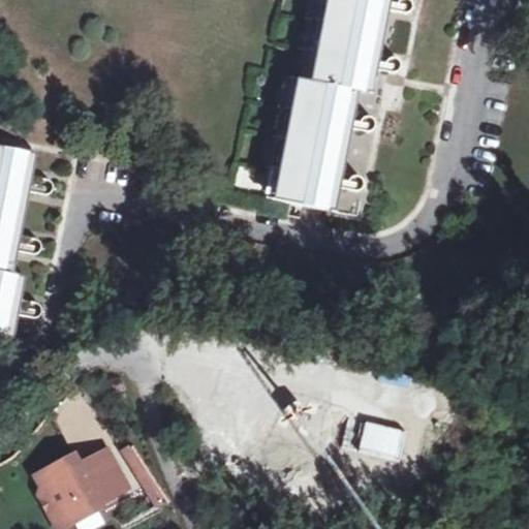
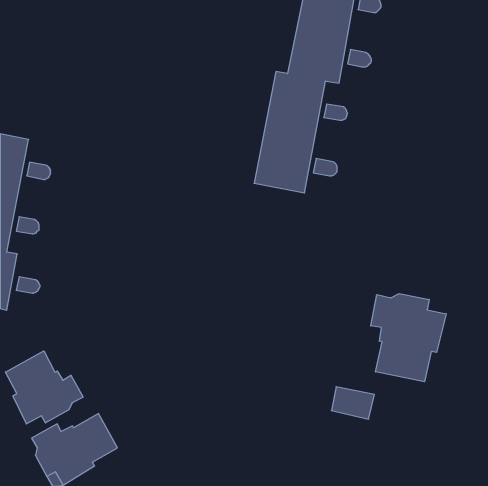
building: none -> [371,294,446,382]
building: none -> [5,351,83,424]

